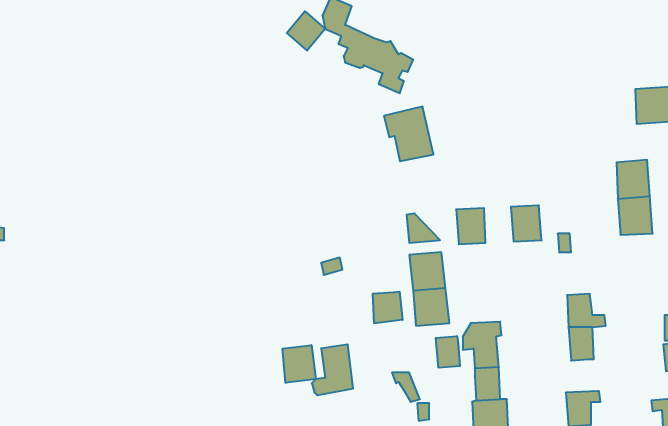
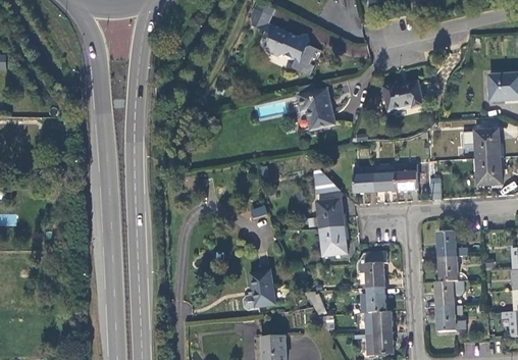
building: [287,11,325,51] -> none
building: none -> [382,81,423,110]
building: none -> [374,164,397,192]
building: [373,292,403,323] -> none
building: [436,336,460,368] -> none
building: [283,345,316,383] -> none
building: none -> [435,280,461,306]

